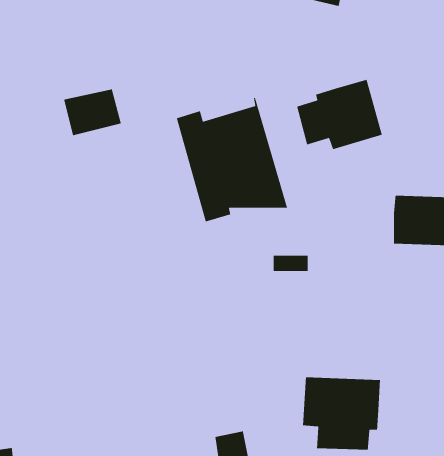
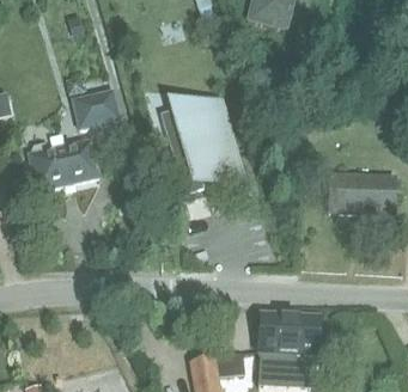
building: [296,79,383,150] -> none
building: none -> [29,137,99,188]

